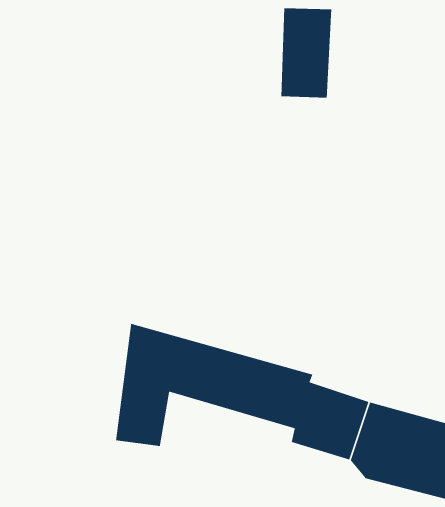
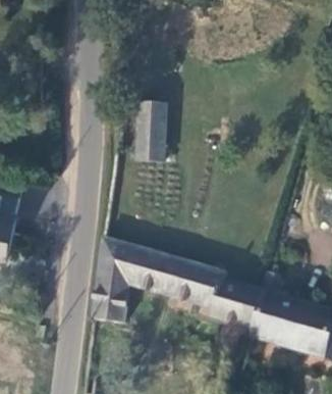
building: [281,7,332,98] -> [131,97,166,158]

